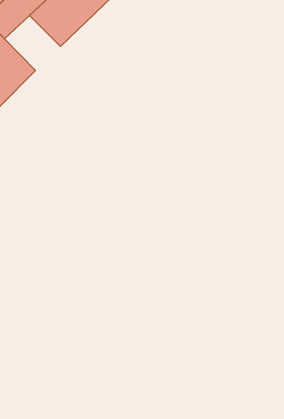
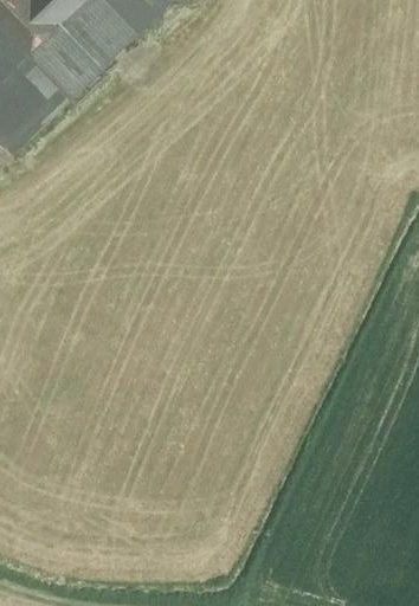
building: none -> [19,25,98,103]

